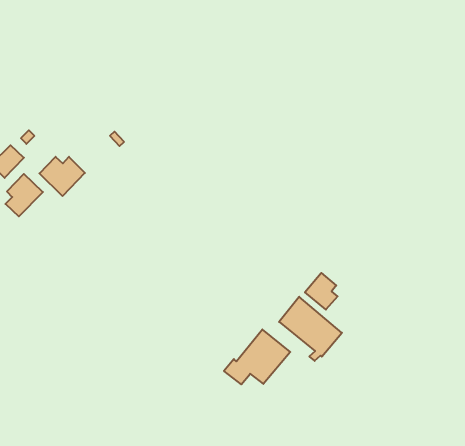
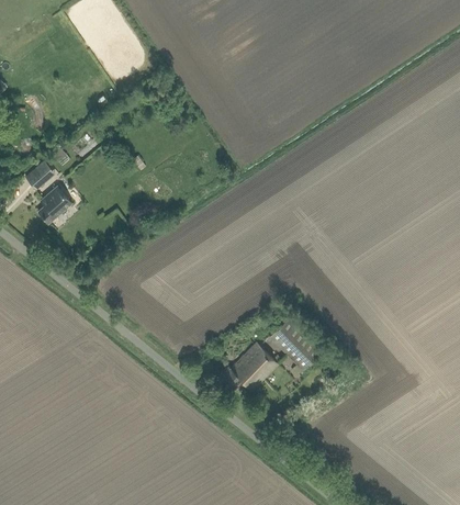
building: [39,157,85,196] -> none
building: [305,273,338,310] -> none

